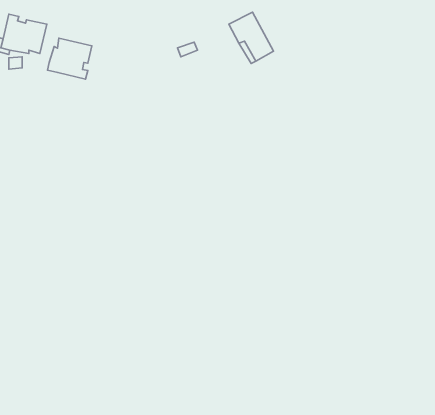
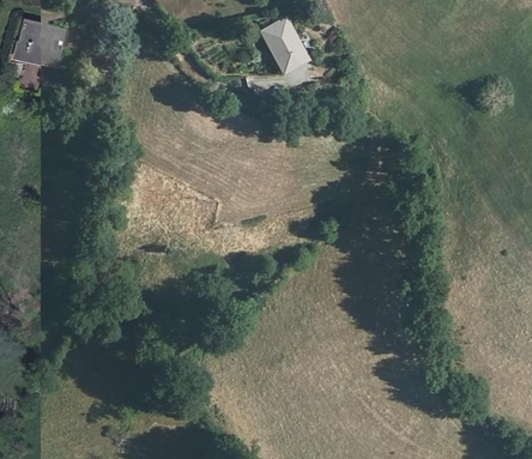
building: [47,38,92,79] -> none

